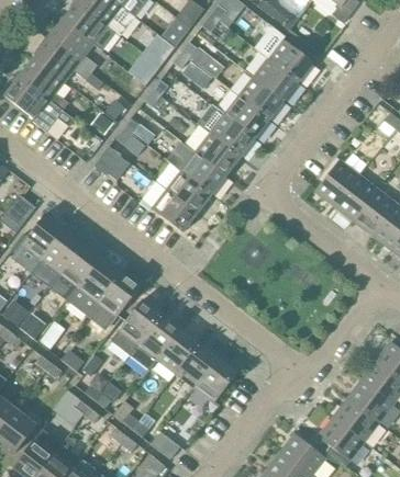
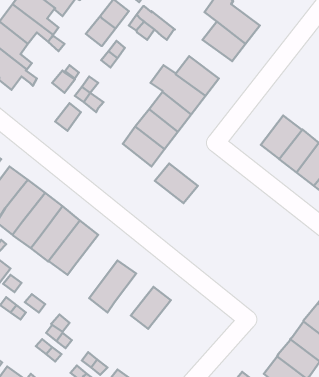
building: [237,78,284,120] -> none
building: [151,190,197,232] -> [155,163,198,203]
building: [110,299,160,355] -> none
building: [157,329,199,374] -> none
building: [193,357,236,402] -> none

